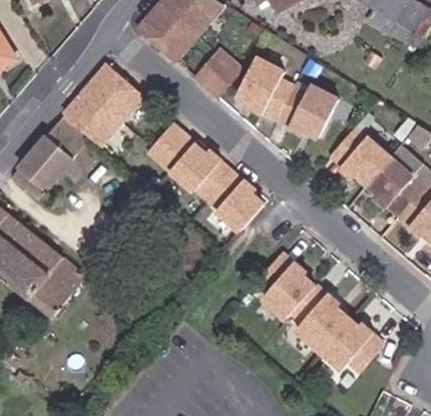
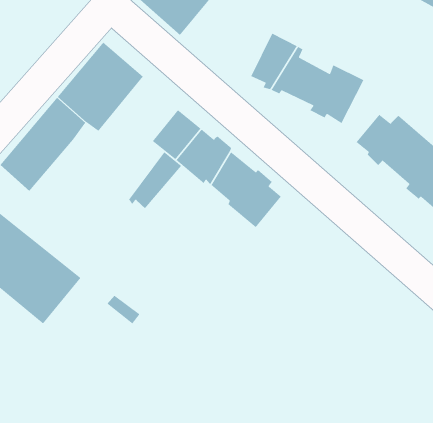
building: [194,52,241,97] -> none
building: none -> [128,151,182,209]
building: [257,254,383,371] -> none

